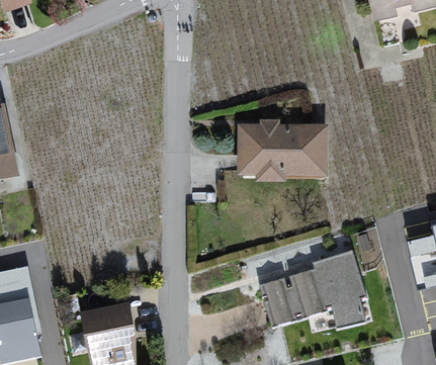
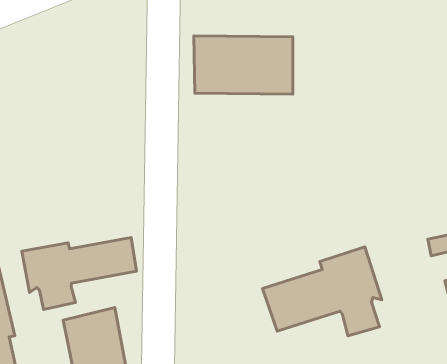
building: [239,124,328,177] -> [194,36,293,94]
building: none -> [22,237,137,309]

